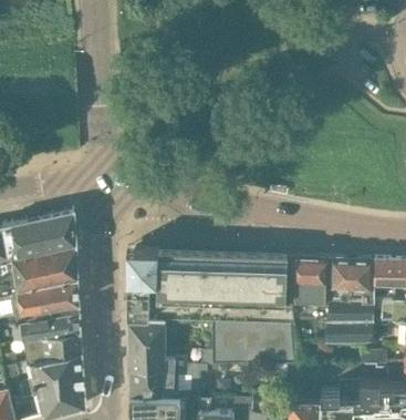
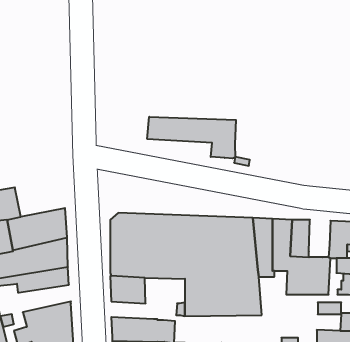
building: none -> [147,117,236,158]
building: [20,211,76,255] -> none
building: [351,258,375,300] -> none
building: [24,331,83,362] -> none
building: [128,350,188,371] -> none

